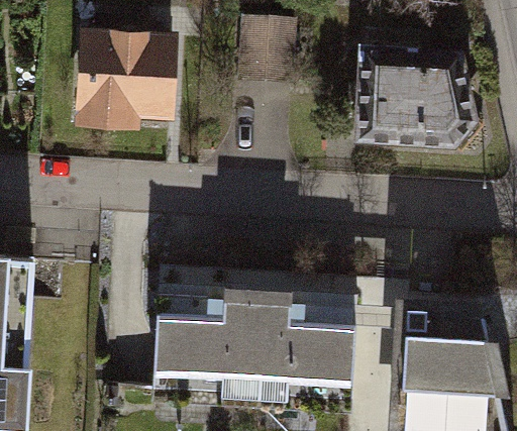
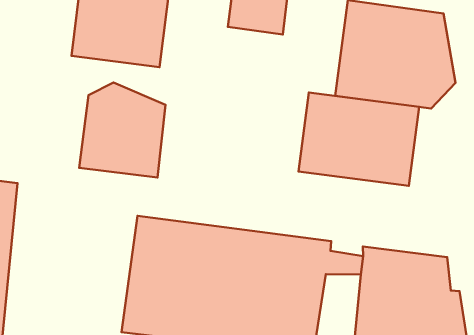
building: none -> [298,92,419,186]
building: none -> [79,83,166,178]

